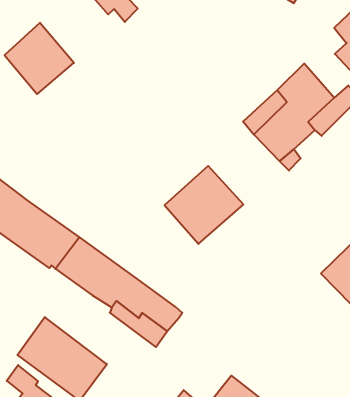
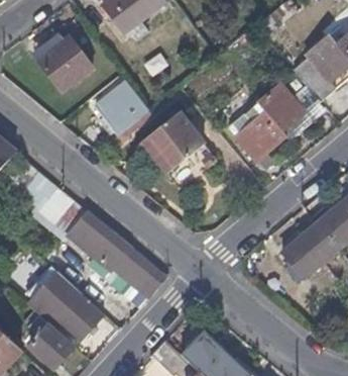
building: none -> [93,76,148,132]
building: [165,166,243,244] -> [139,109,203,172]

